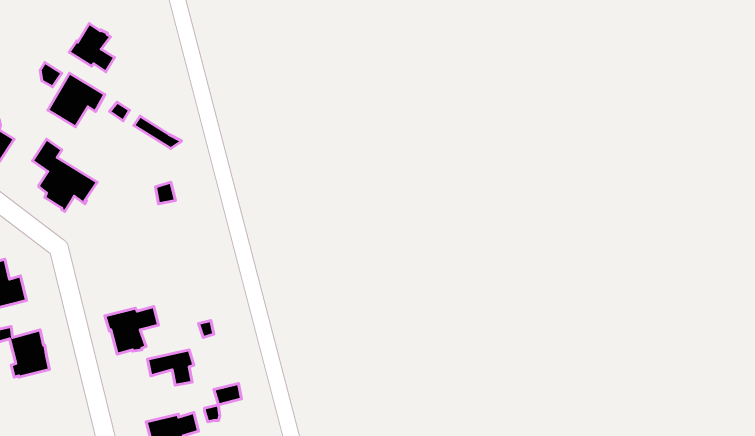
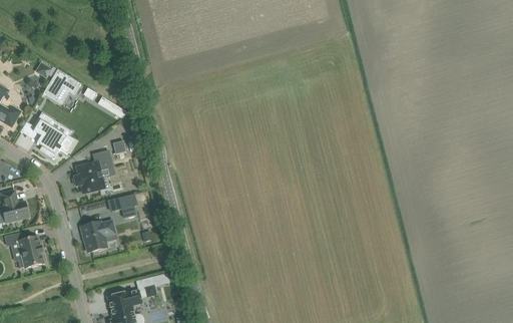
building: [69,23,115,72] -> none
building: none -> [73,150,113,193]
building: [148,350,194,385] -> [105,194,135,217]

